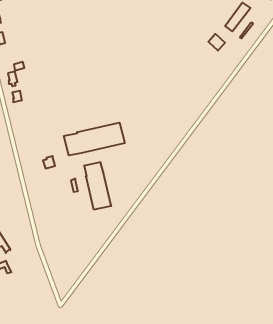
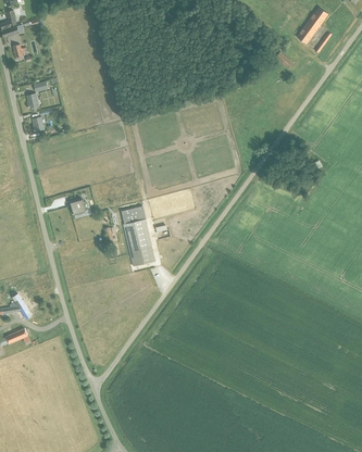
building: [64,123,125,155] -> none

